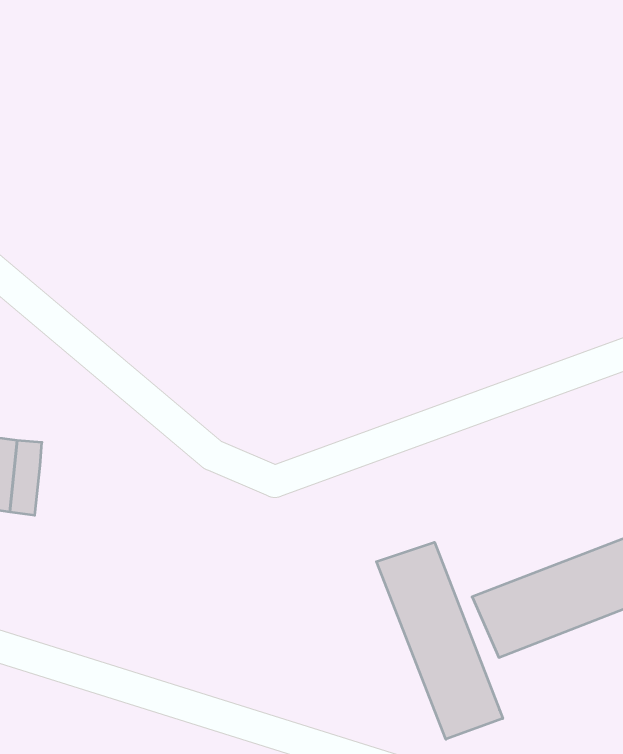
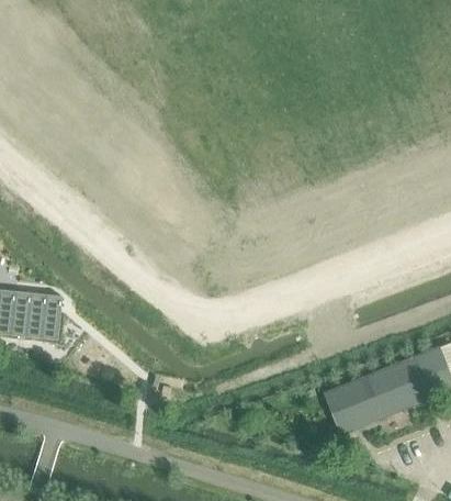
building: [376,542,503,739] -> none

